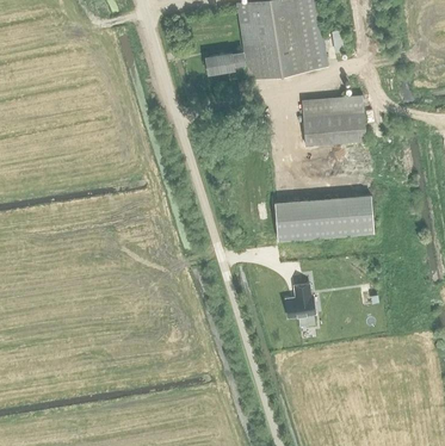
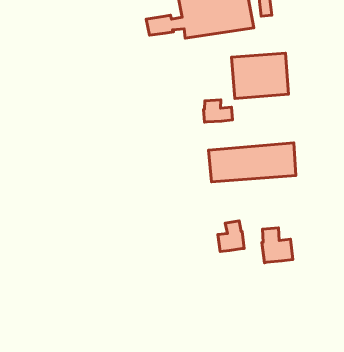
building: none -> [203,100,233,122]
building: none -> [262,228,293,263]

